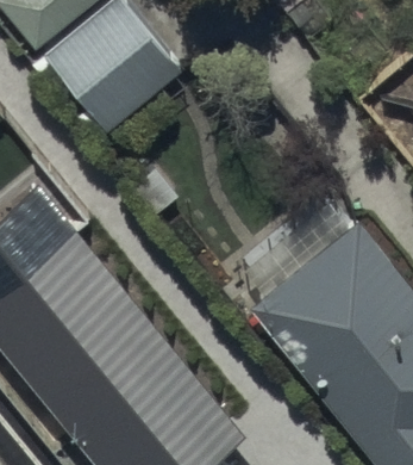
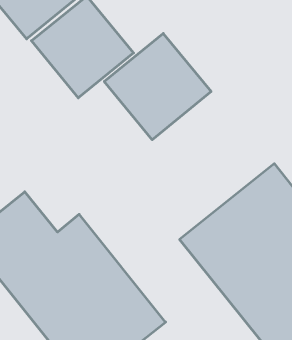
building: none -> [104,33,211,140]

